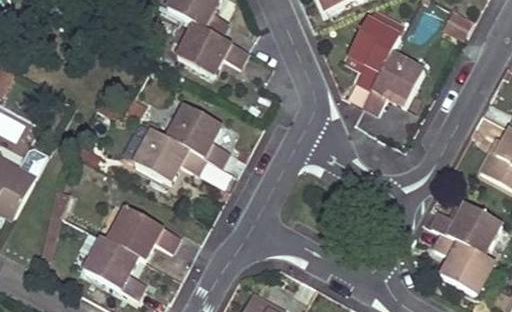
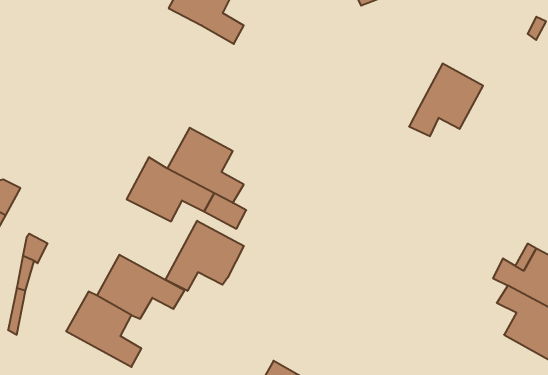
building: [348,18,400,89] -> none
building: [176,22,247,75] -> none
building: none -> [165,221,244,291]

